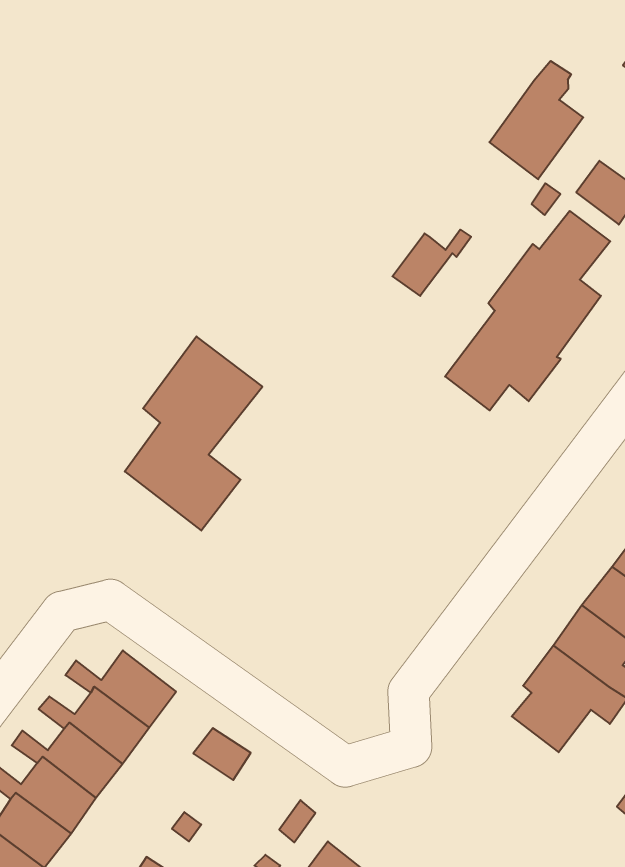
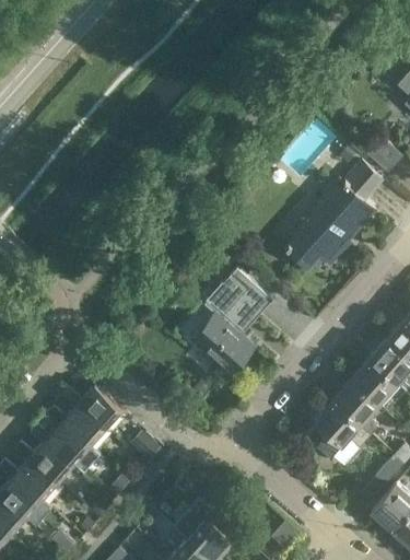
building: [489,61,583,179] -> none
building: [392,230,471,296] -> none
building: [125,336,262,531] -> [191,268,271,375]

